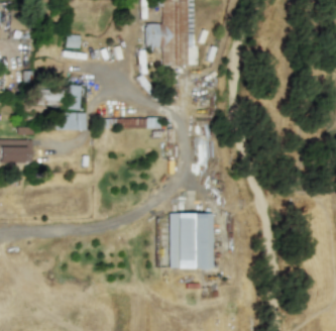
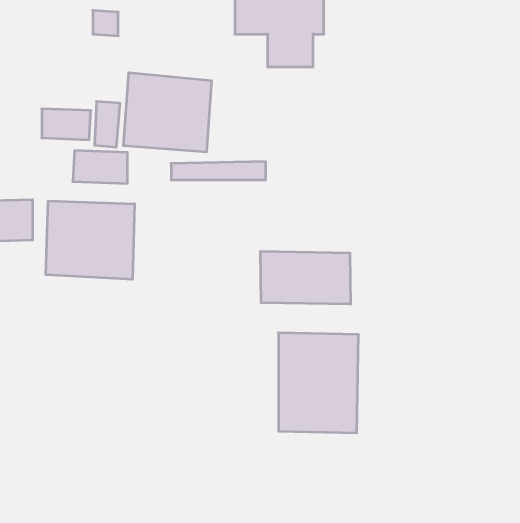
building: none -> [123,73,212,152]
building: none -> [46,201,135,279]
building: none -> [261,251,350,304]

